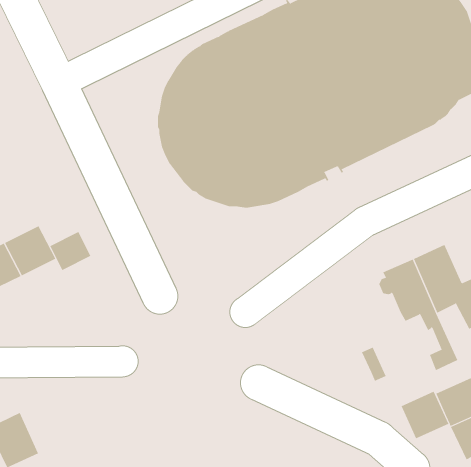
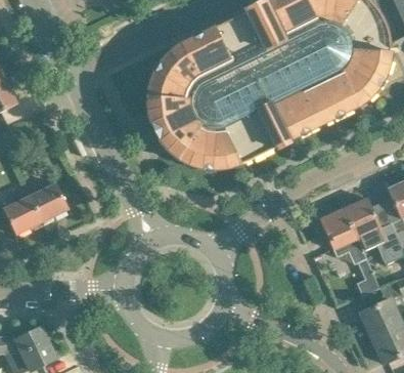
building: [49,231,91,271] -> none
building: [401,391,449,439] -> none

